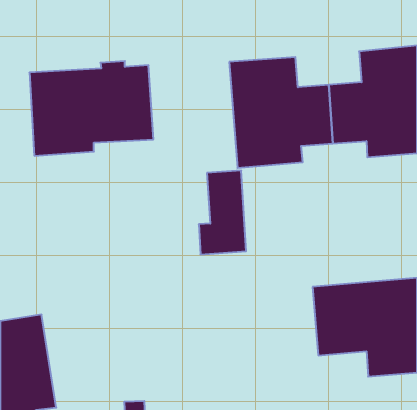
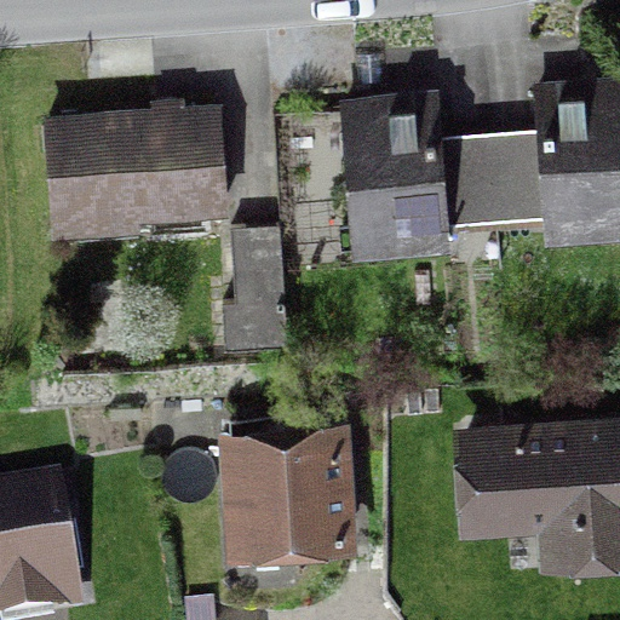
building: [199,171,246,254] -> [216,228,286,352]
building: none -> [224,430,349,556]

